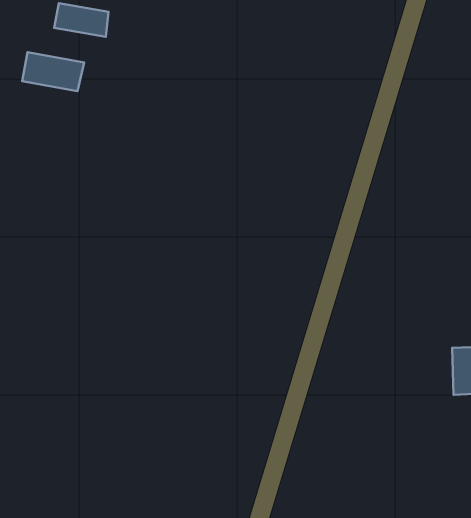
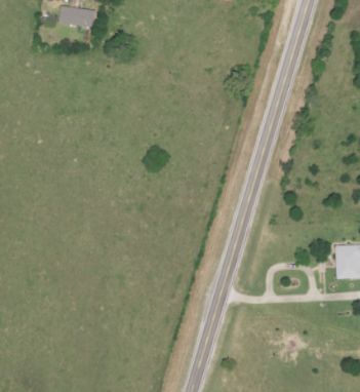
building: [22,52,84,91] -> none

